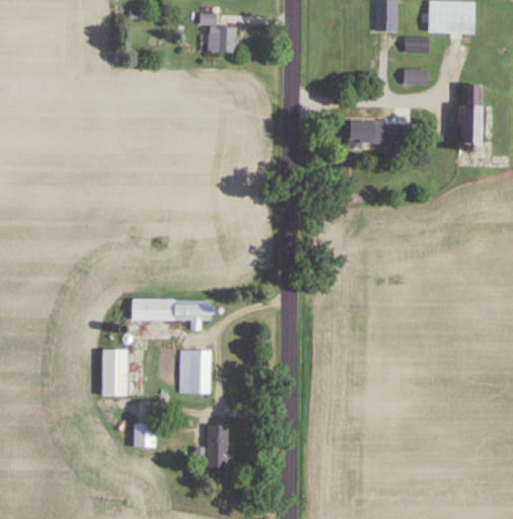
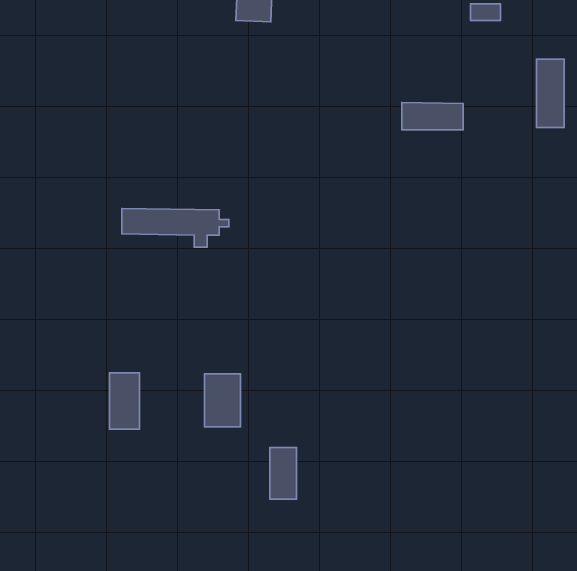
building: [404,69,429,85] -> none
building: [131,299,221,331] -> [122,209,229,247]
building: [132,424,157,448] -> none
building: [205,425,227,468] -> [270,448,296,499]

